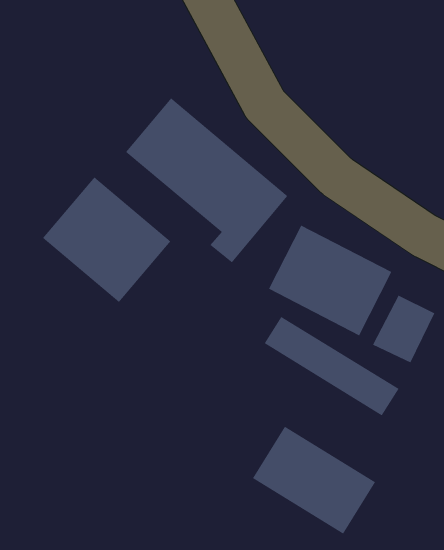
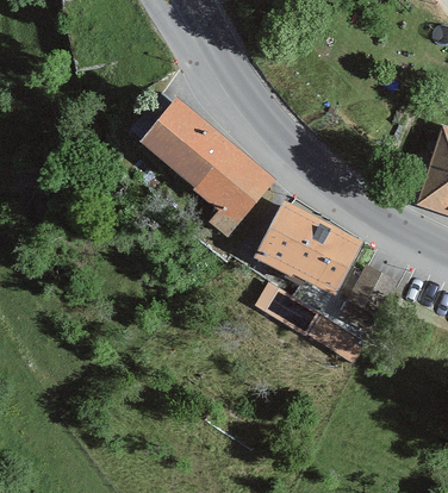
building: [42,177,171,303] -> none
building: [252,426,376,534] -> none

